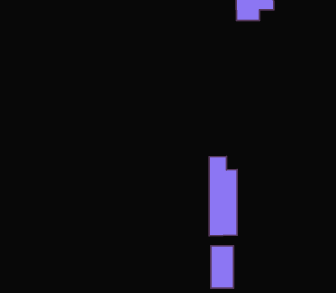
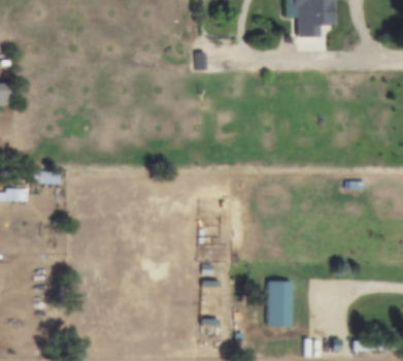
building: [209,157,237,236] -> none

